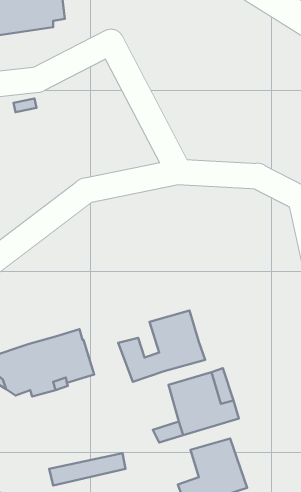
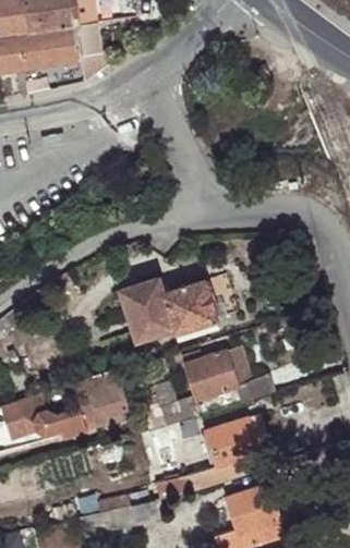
building: none -> [119,280,219,342]
building: none -> [225,346,271,403]

